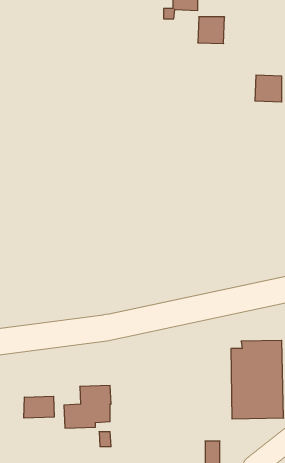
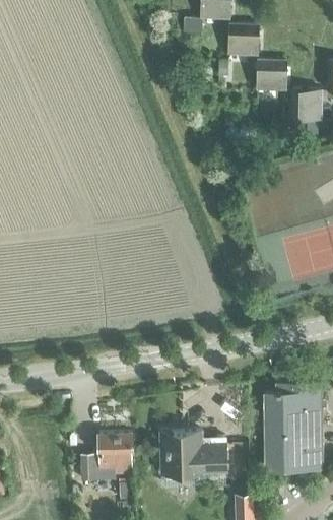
building: none -> [255,62,285,93]
building: none -> [159,432,225,474]
building: [24,396,54,418] -> none

